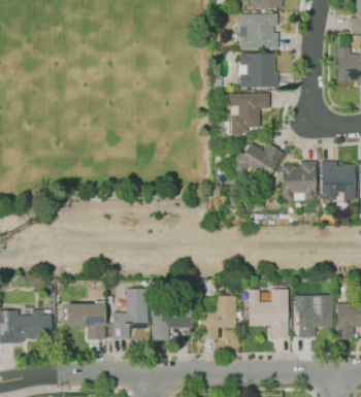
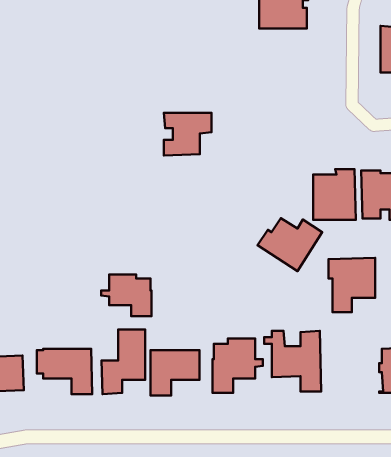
building: [239,54,277,86] -> none
building: [231,93,269,127] -> [164,113,212,155]
building: [232,141,284,184] -> [257,218,322,271]
building: none -> [101,275,152,316]
building: [296,294,333,337] -> [328,258,375,312]

